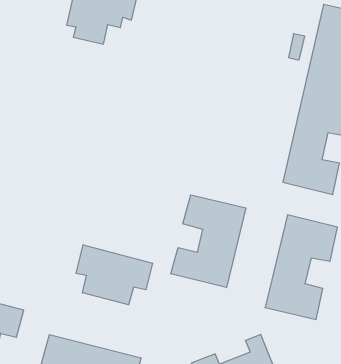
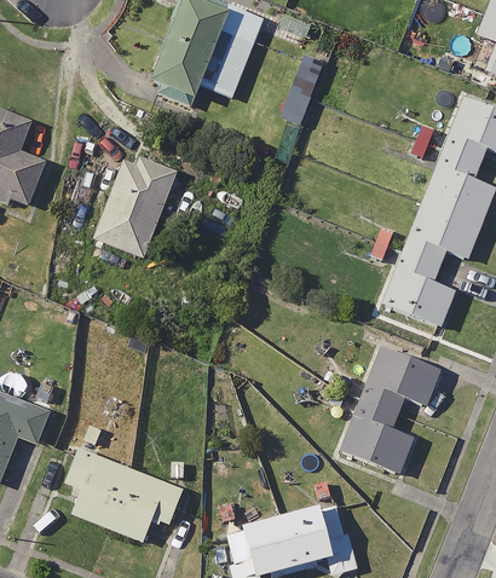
building: none -> [93,154,175,259]
building: [171,195,246,288] -> none
building: [76,245,152,305] -> none

